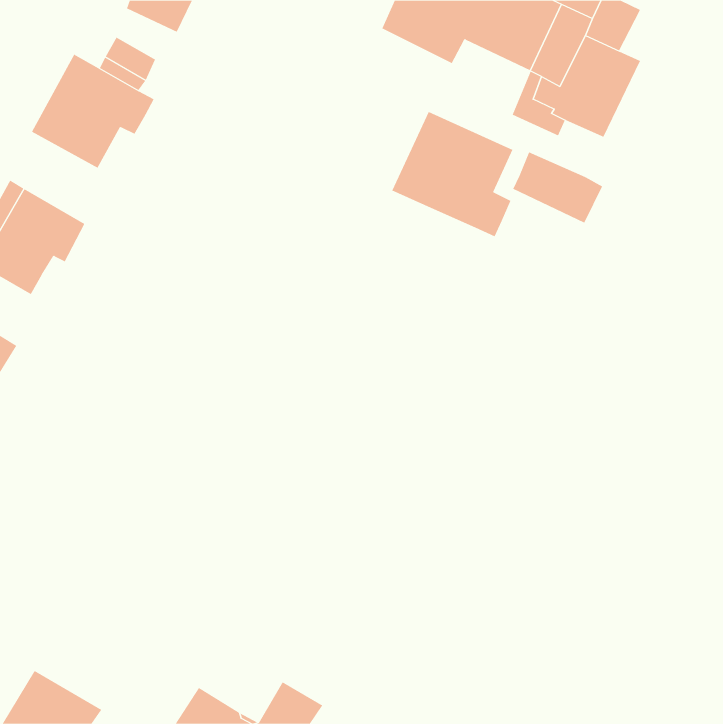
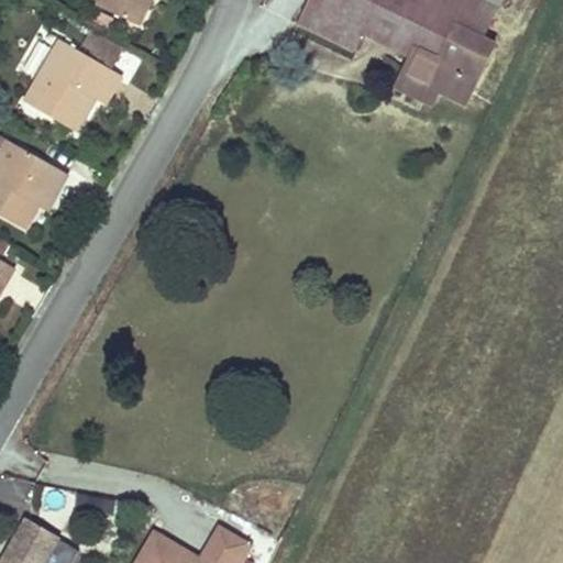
building: [391,111,513,237] -> none
building: [513,152,603,224] -> none

